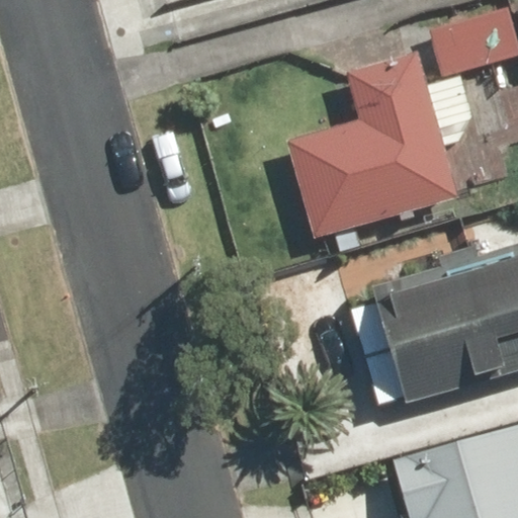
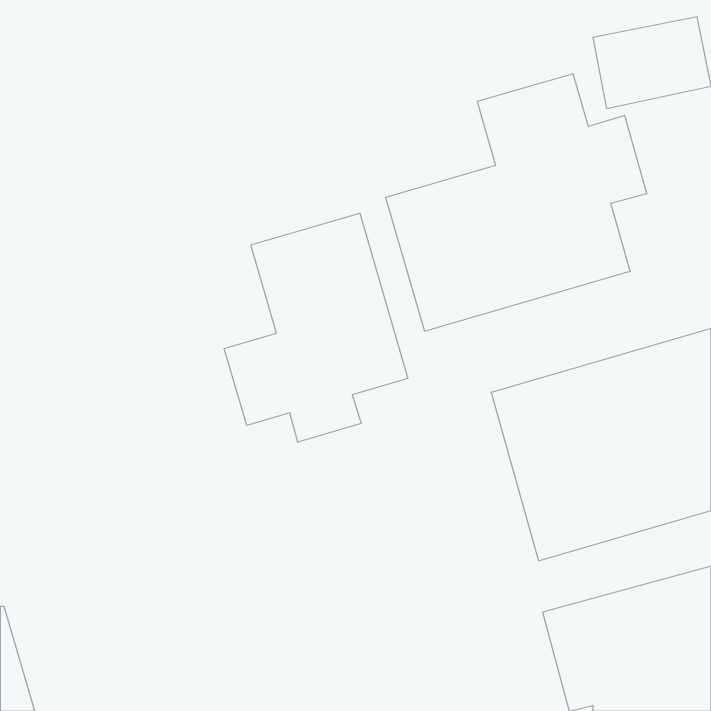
building: none -> [224,213,408,442]

